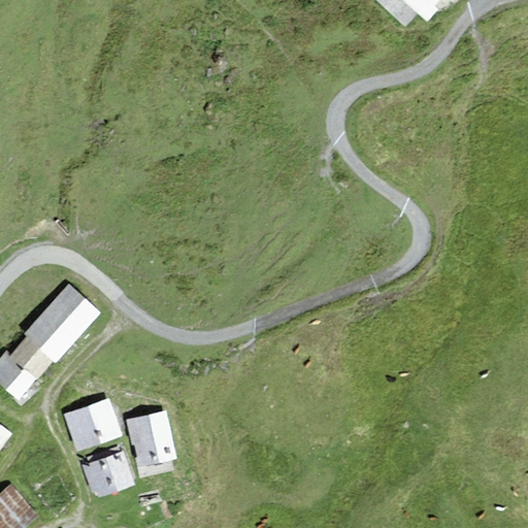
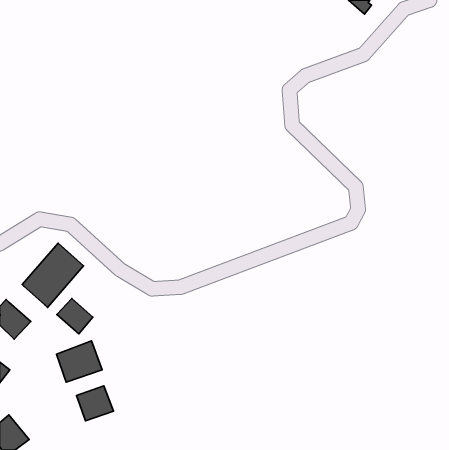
building: [10,335,53,376] -> [57,299,93,334]
building: [131,411,174,463] -> none

